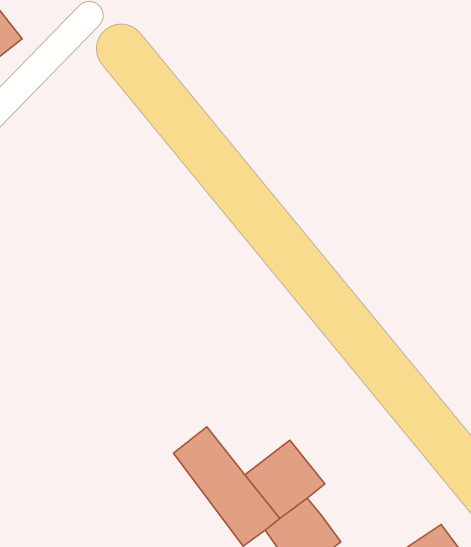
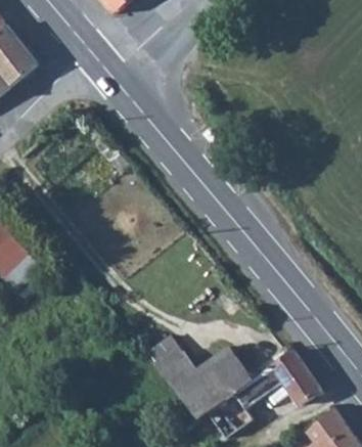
building: none -> [239,349,322,402]

